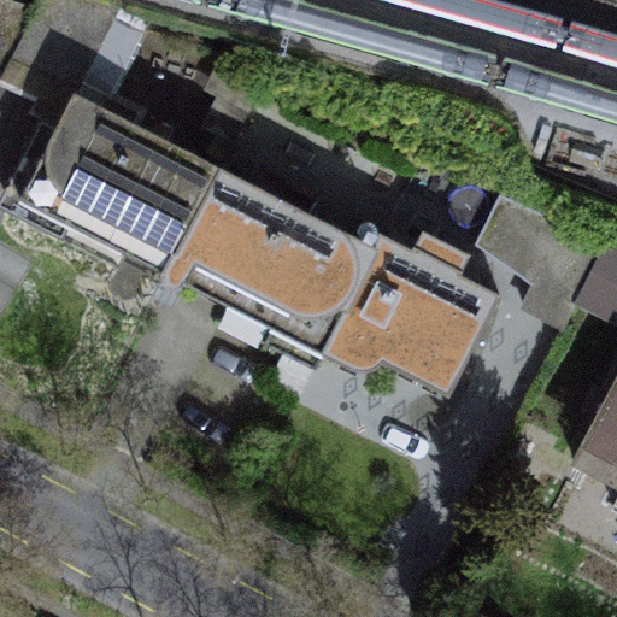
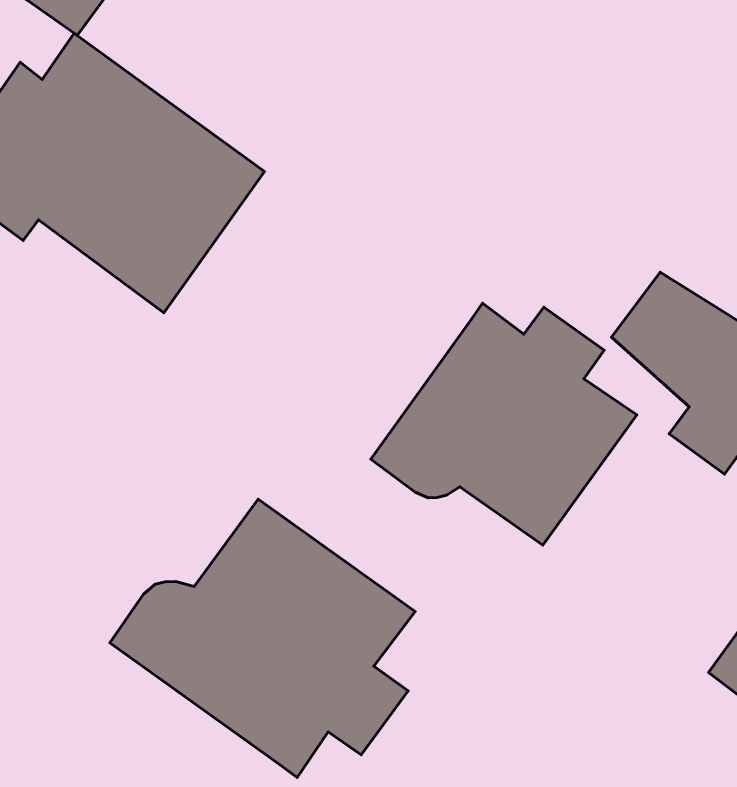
building: [165,168,376,369] -> none
building: none -> [110,499,415,777]

